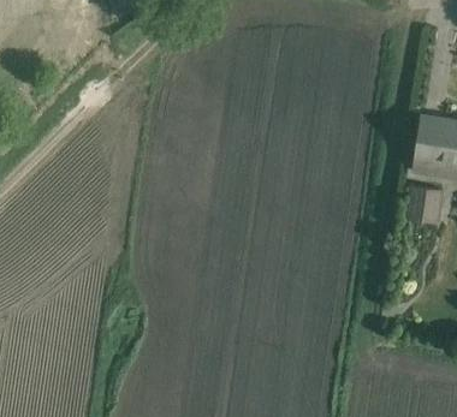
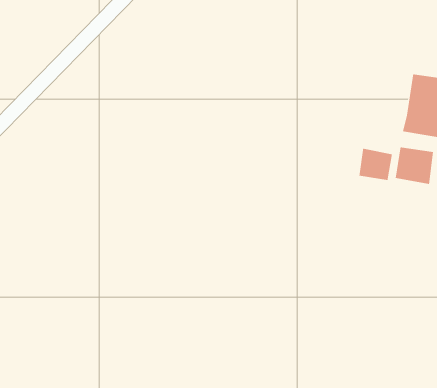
building: none -> [359,148,393,181]

